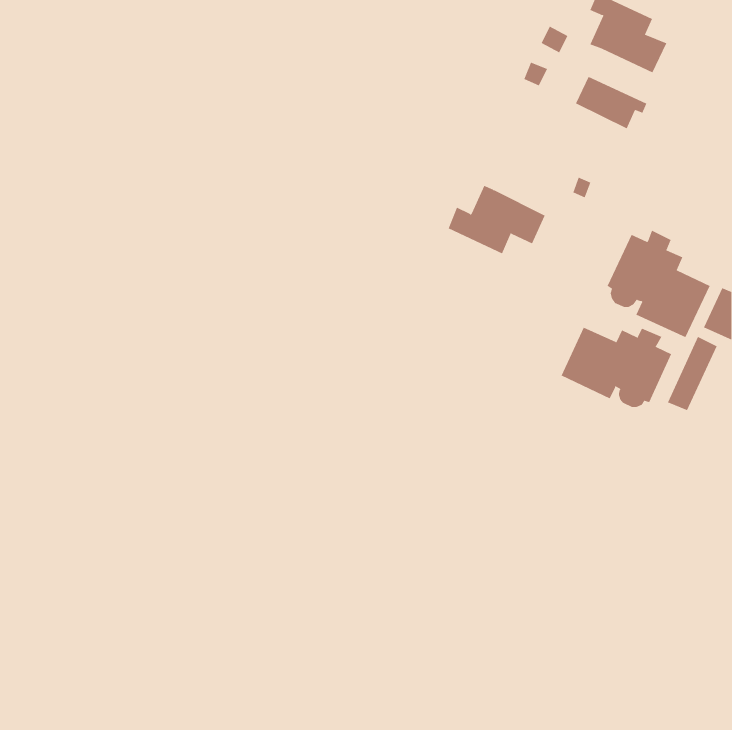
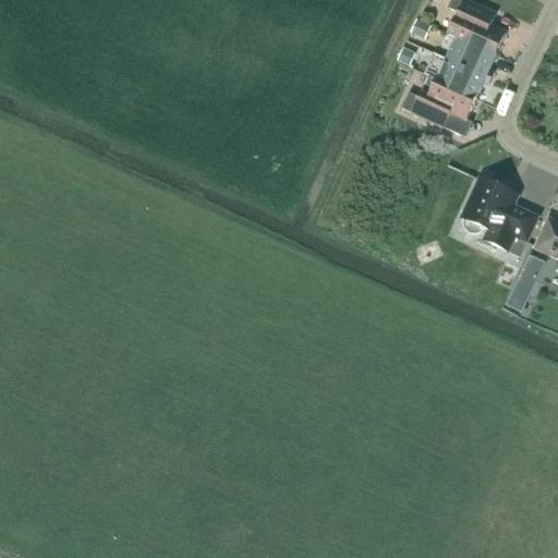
building: none -> [446,37,495,78]
building: [448,185,546,254] -> [401,75,475,128]
building: [561,327,672,408] -> none

